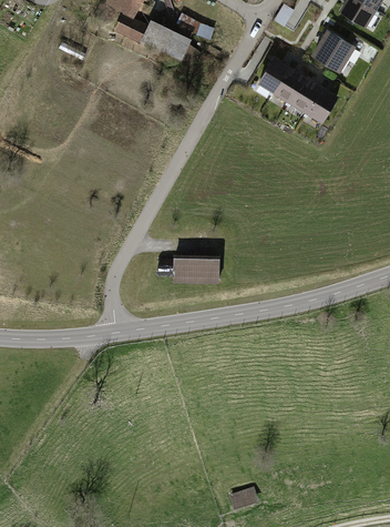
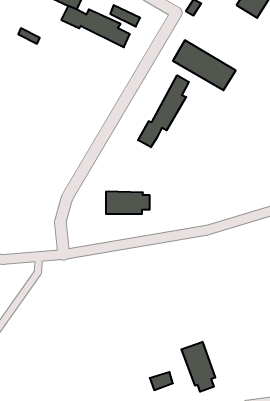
building: [309,28,355,73] -> none
building: none -> [138,75,189,147]
building: none -> [181,342,215,392]

